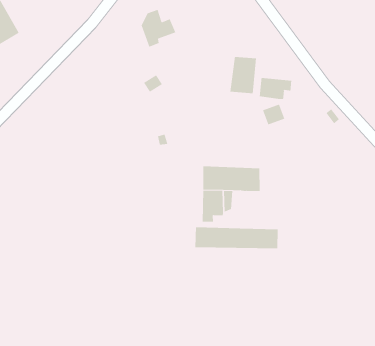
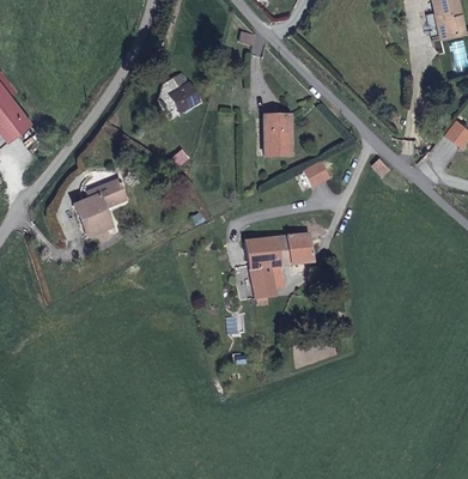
building: [259,77,292,100] -> none
building: none -> [72,178,128,240]
building: [195,226,278,249] -> none

